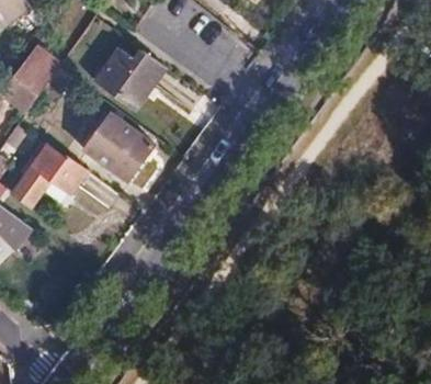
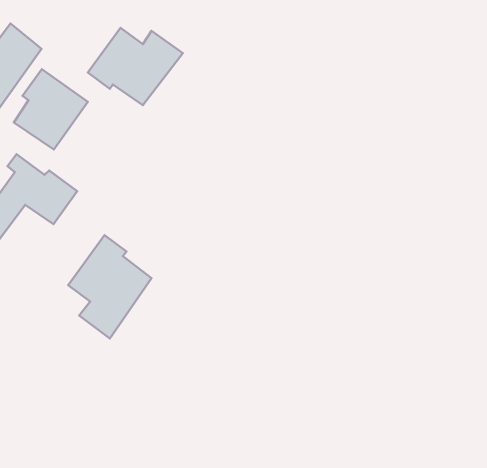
building: [97,120,151,179] -> [14,69,88,149]
building: none -> [68,235,152,338]

